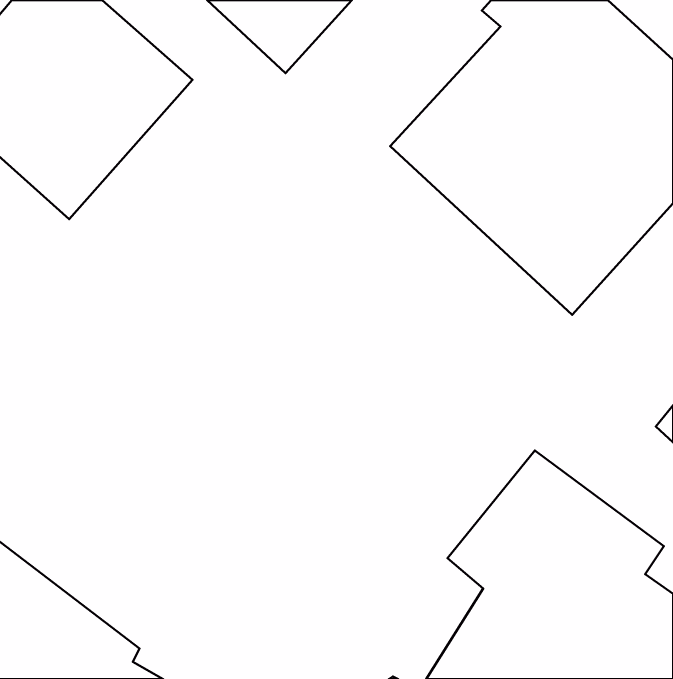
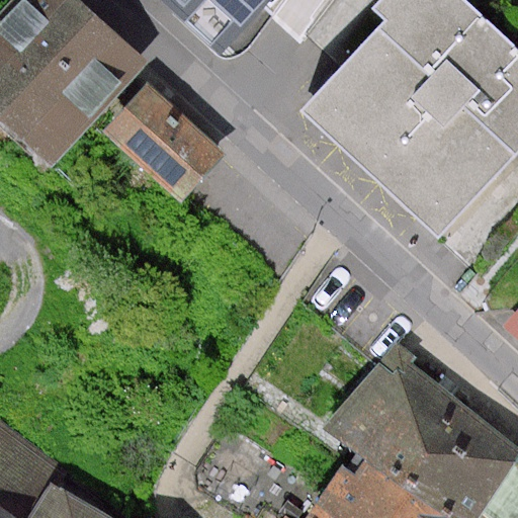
building: none -> [103,86,223,200]

